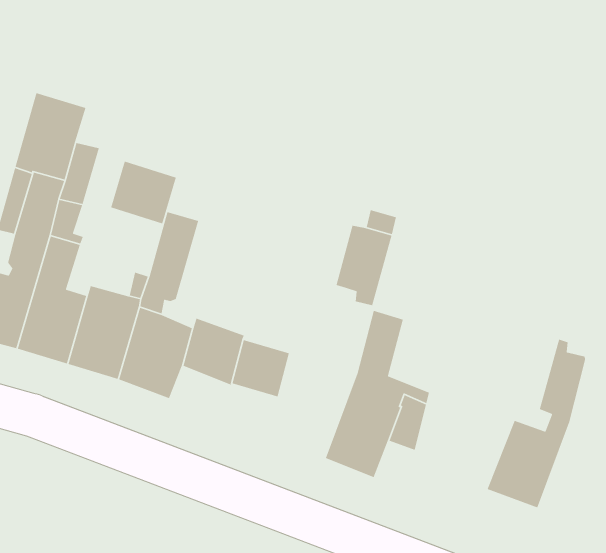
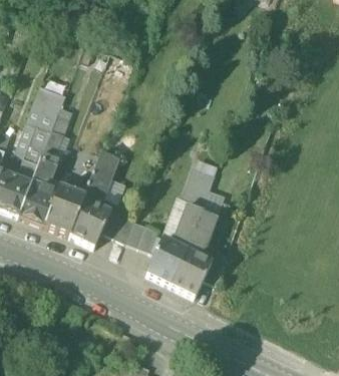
building: [110,160,177,224] -> none
building: [487,339,586,509] -> [145,198,202,283]

